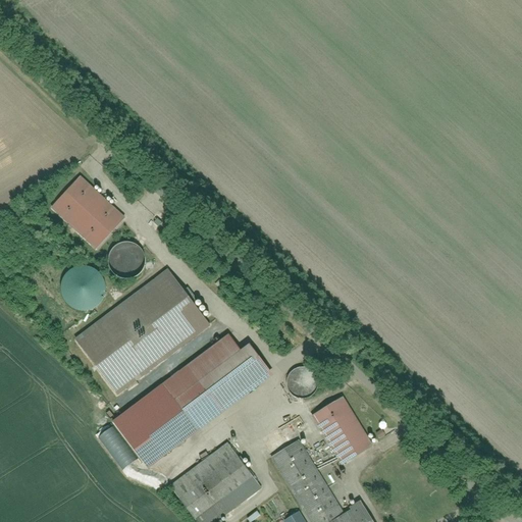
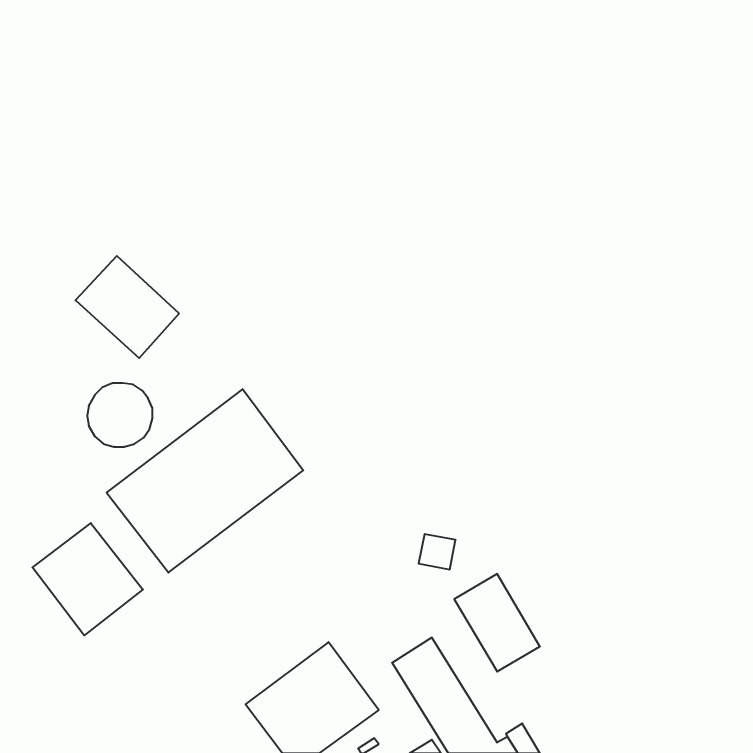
building: [108,240,145,277] -> none
building: [112,331,274,468] -> none
building: none -> [32,523,143,635]

